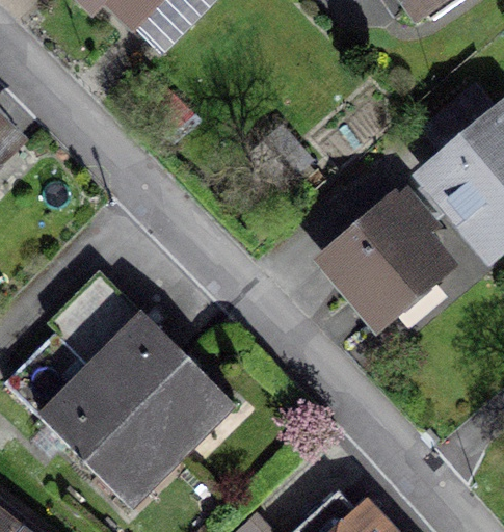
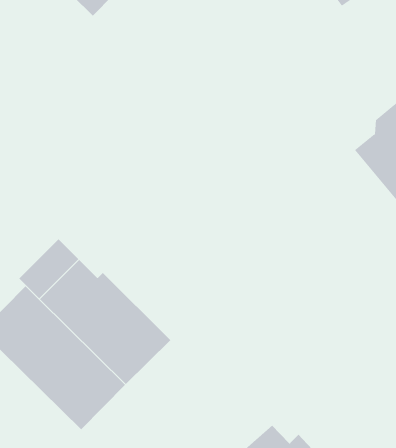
building: [334,201,449,323] -> none

